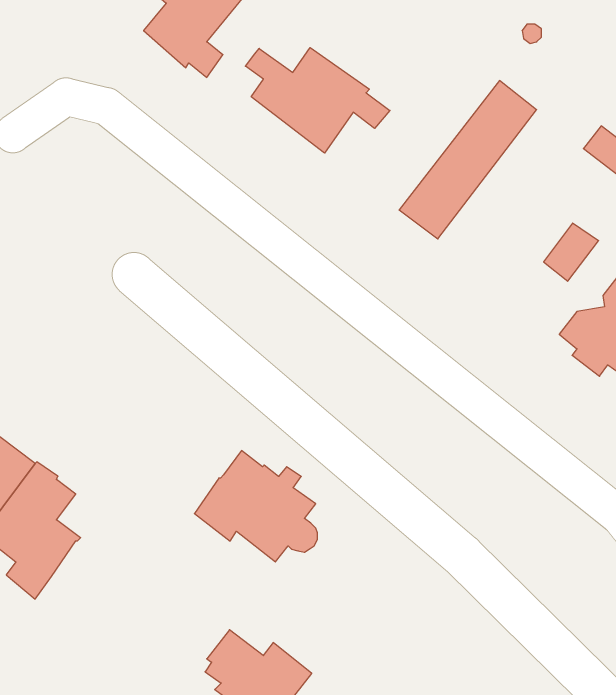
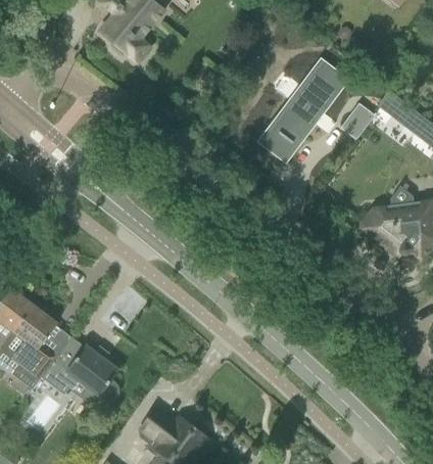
building: [245,48,390,153] -> none
building: [544,223,599,281] -> [340,102,375,139]
building: [194,451,317,562] -> [42,335,119,406]

